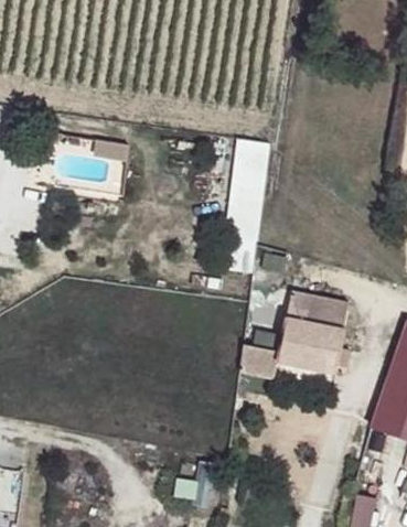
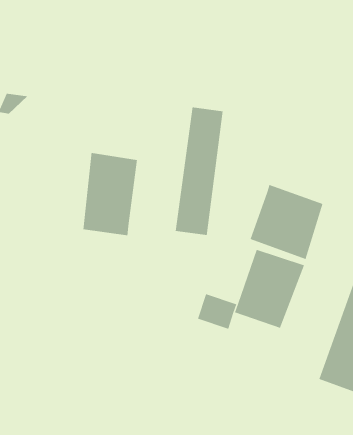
building: none -> [83,152,138,236]
building: none -> [250,184,323,260]

